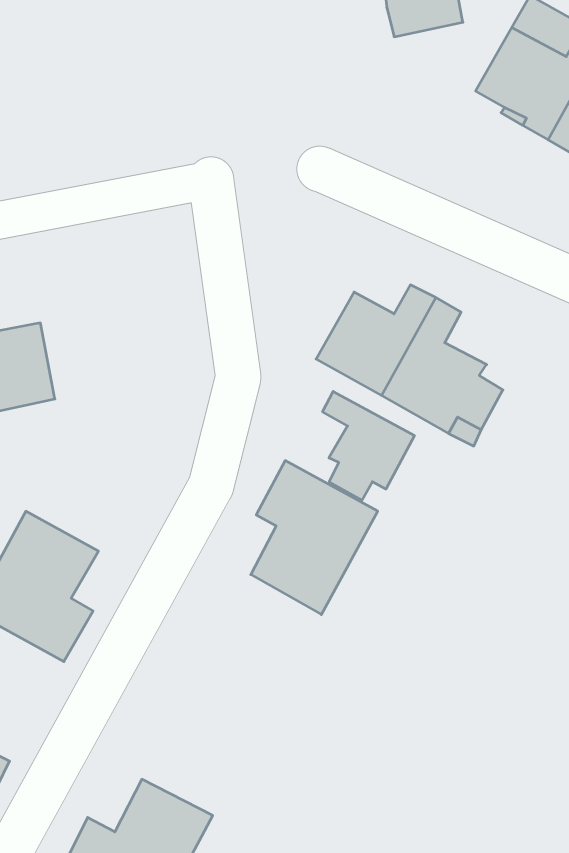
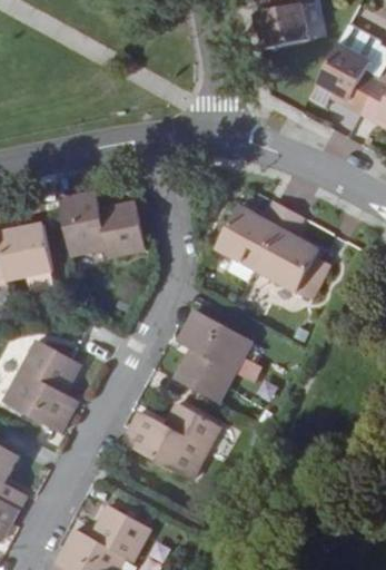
building: none -> [58,191,145,258]
building: [323,391,414,500] -> none
building: none -> [122,403,220,480]

